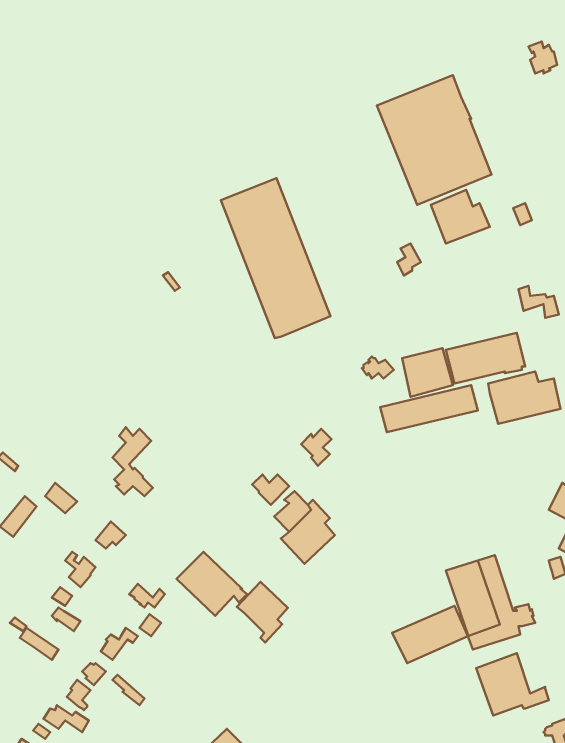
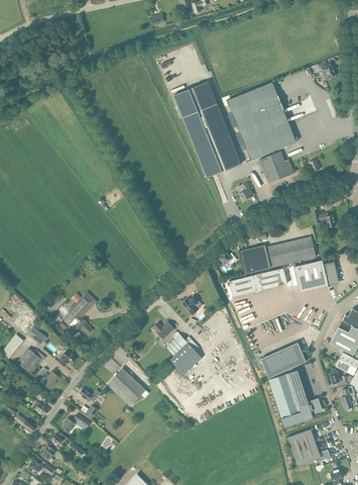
building: [221,178,330,338] -> [174,81,240,177]
building: none -> [16,348,45,376]
building: [237,582,288,642] -> none
building: [392,606,468,663] -> [260,343,306,377]

